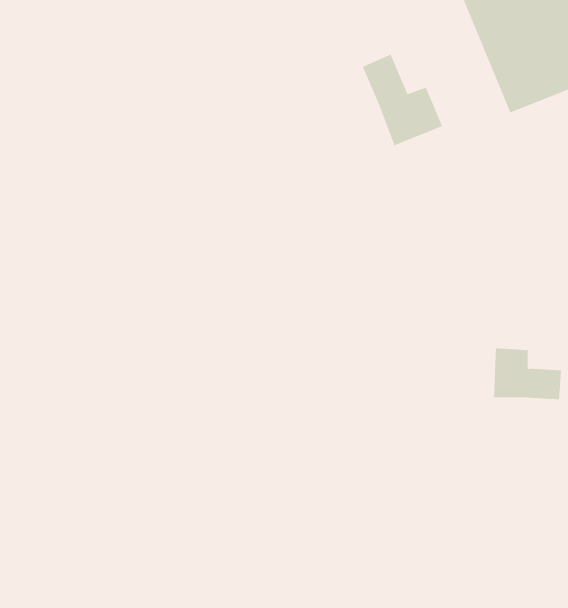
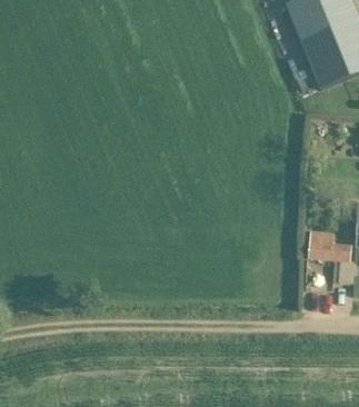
building: [362,54,443,146] -> none

